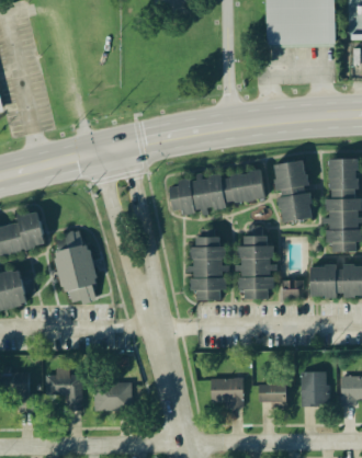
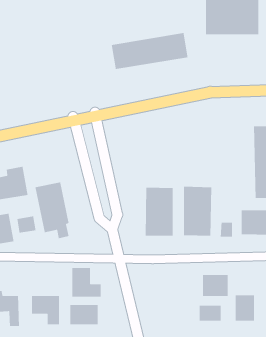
building: [273,161,313,222] -> none
building: [167,168,264,215] -> [111,32,188,70]
building: none -> [16,216,36,234]
building: none -> [71,267,102,297]
building: [210,378,242,407] -> [202,274,228,297]

